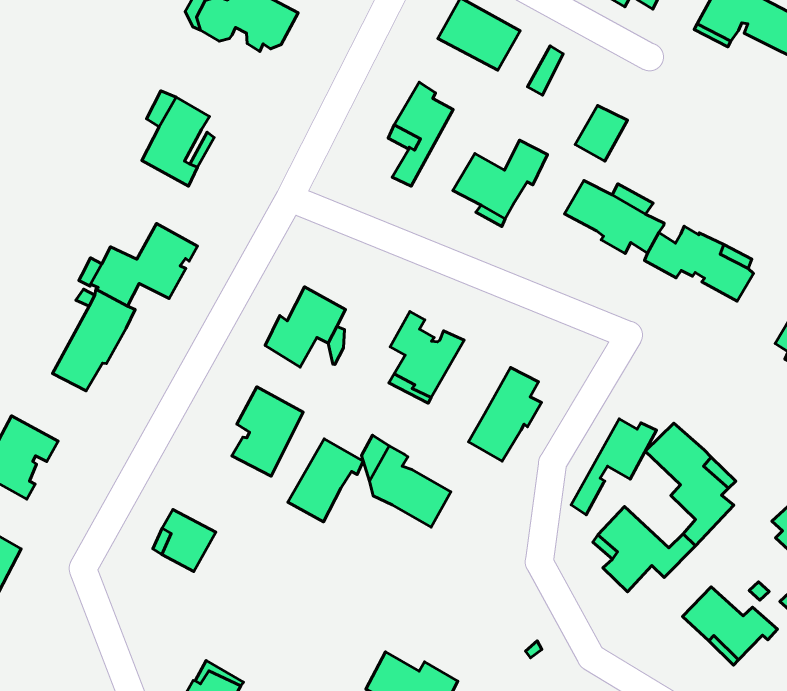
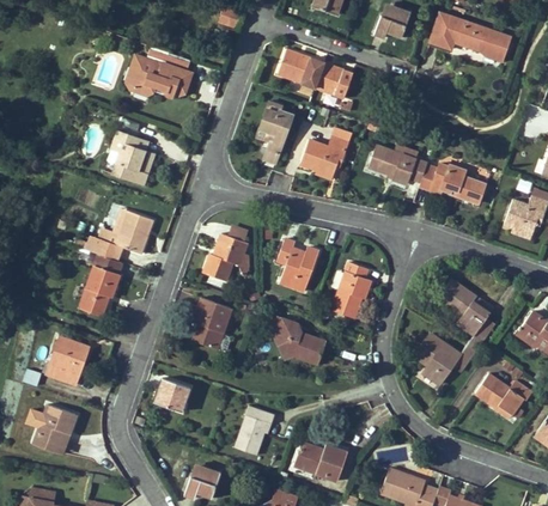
building: [575,105,627,161] -> [315,62,343,95]
building: [571,419,657,515] -> none
building: [288,439,363,522] -> [235,404,275,453]

